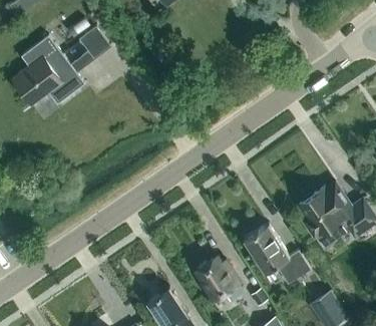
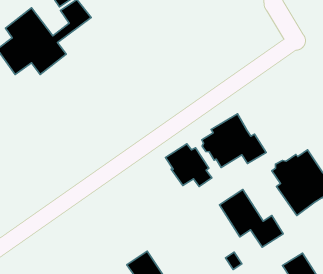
building: none -> [202,114,266,168]
building: [195,257,243,301] -> [166,144,212,186]

